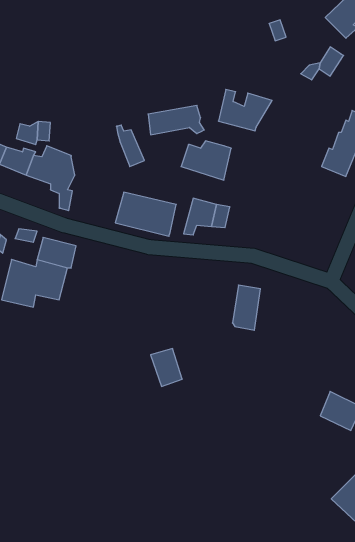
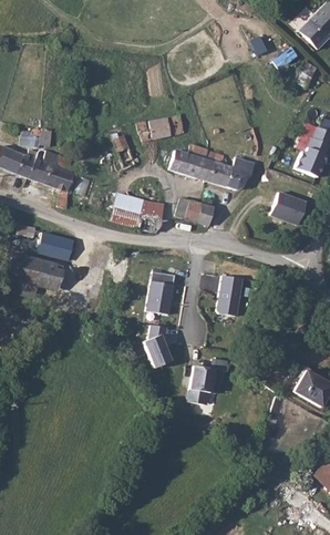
building: [218,89,272,131] -> [208,152,257,189]
building: none -> [271,192,308,224]
building: none -> [145,271,174,315]
building: none -> [188,359,229,405]

